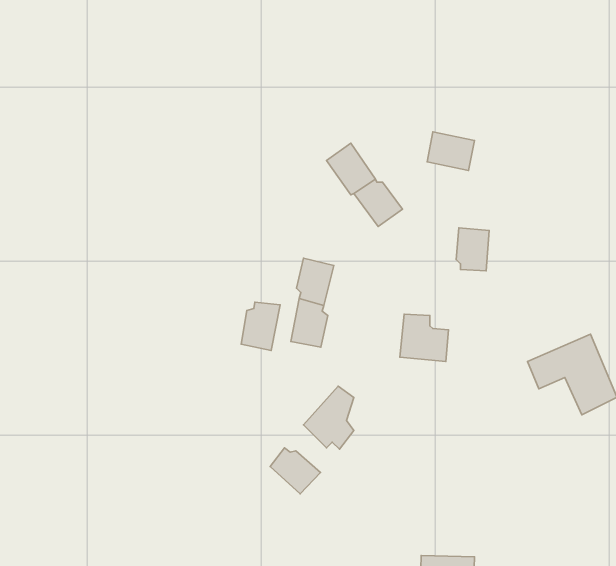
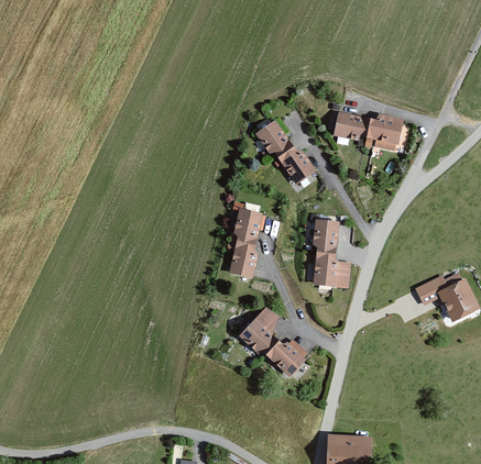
building: none -> [365,118,402,146]
building: [456,228,489,271] -> [313,219,338,252]
building: [241,302,280,350] -> none
building: [270,448,320,494] -> [266,340,305,375]

